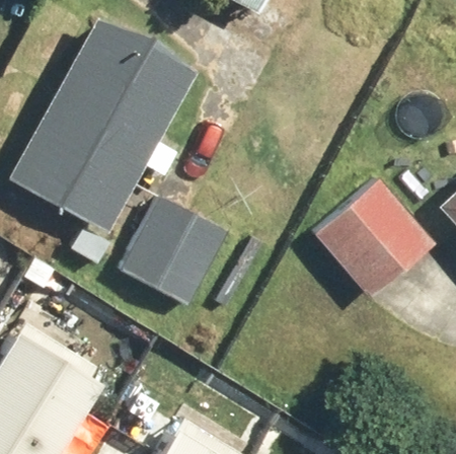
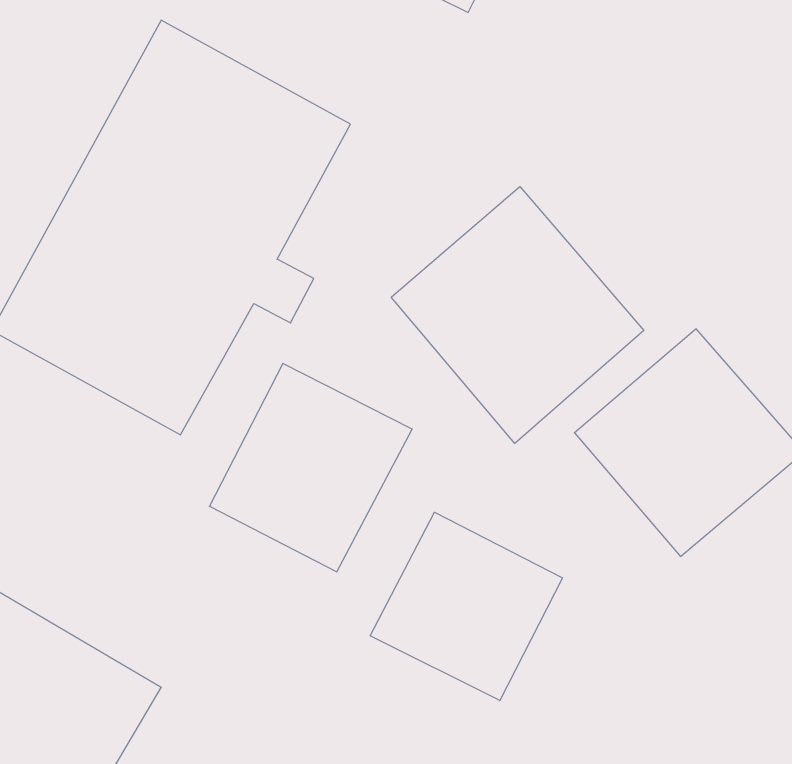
building: none -> [391,187,644,443]
building: none -> [370,512,563,701]

